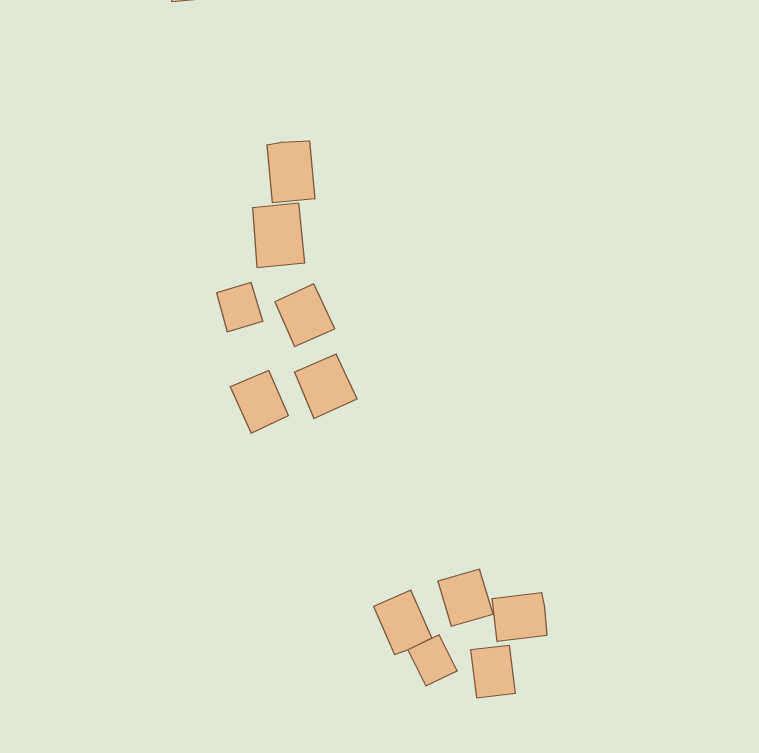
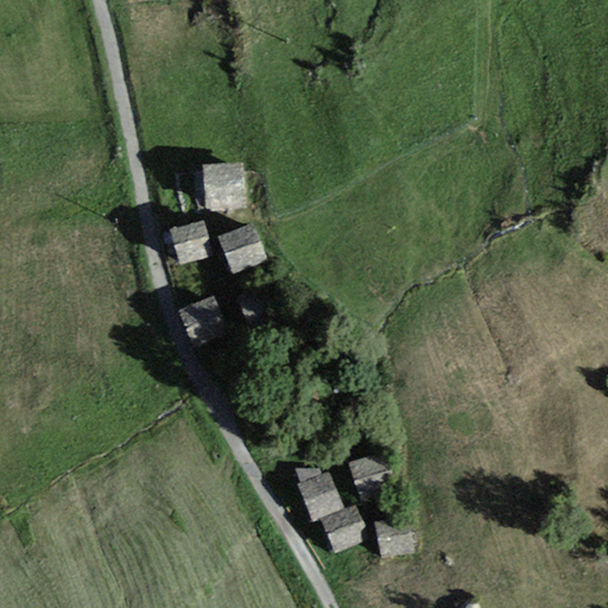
building: [267,141,315,203] -> none
building: [492,592,547,642] -> none

